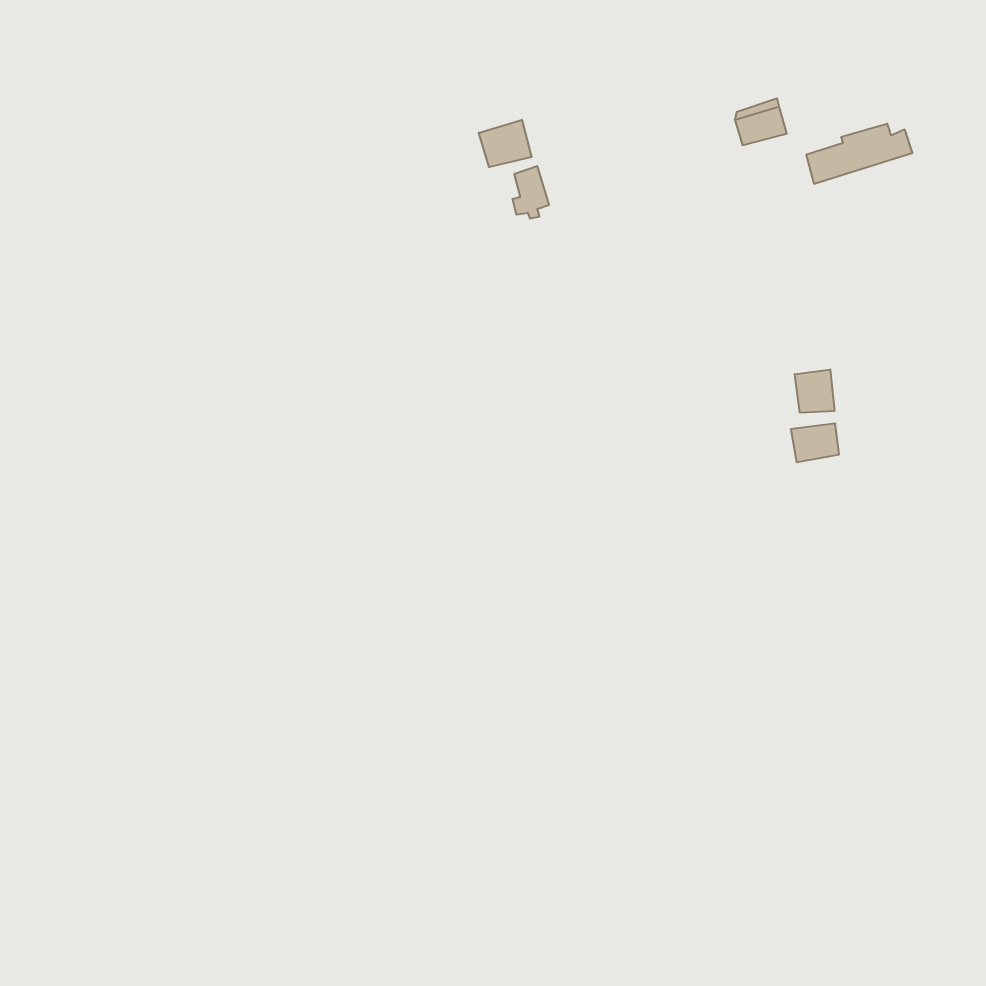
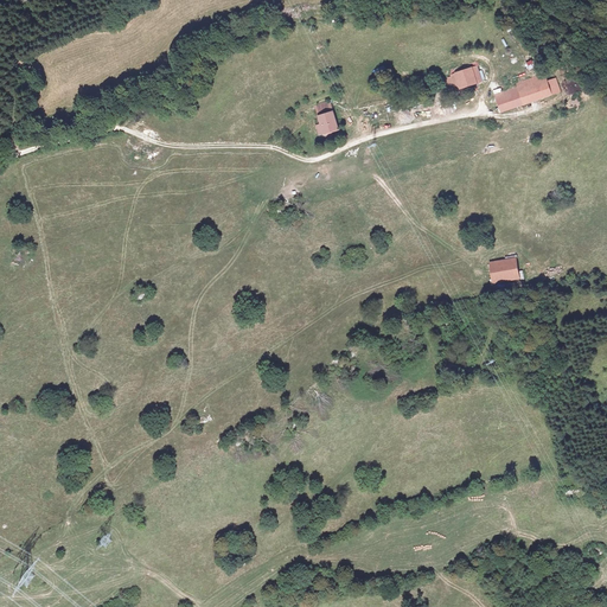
building: [479,120,532,167] -> none
building: [795,369,834,413] -> none

